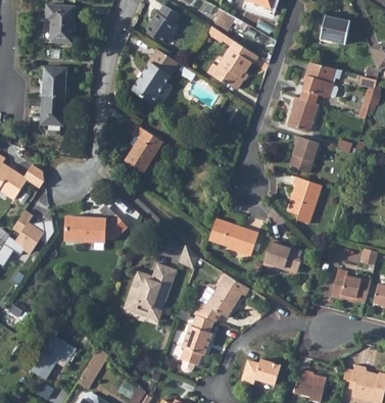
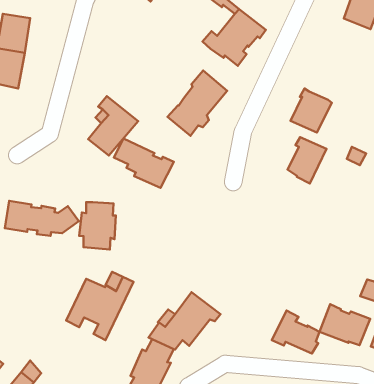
building: [131,47,177,101] -> [168,71,227,136]
building: [299,65,338,106] -> none
building: [287,180,322,225] -> none
building: none -> [79,202,116,250]
building: [209,218,258,255] -> [114,138,174,188]
building: [261,238,299,270] -> [272,310,319,354]

